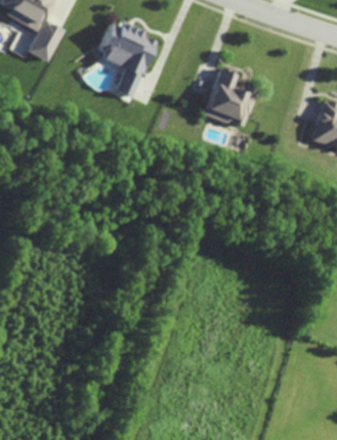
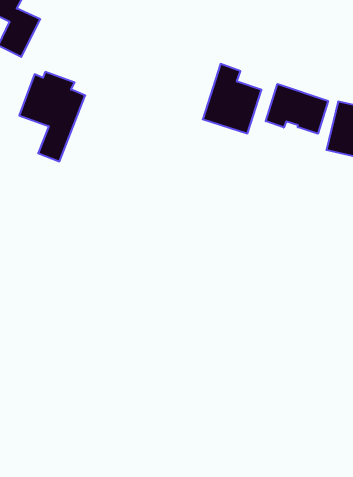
building: [96,19,154,97] -> [19,72,85,161]
building: none -> [266,84,328,134]

